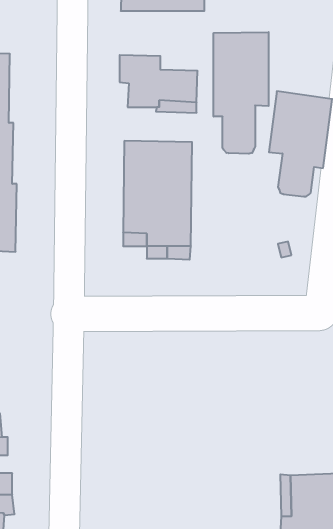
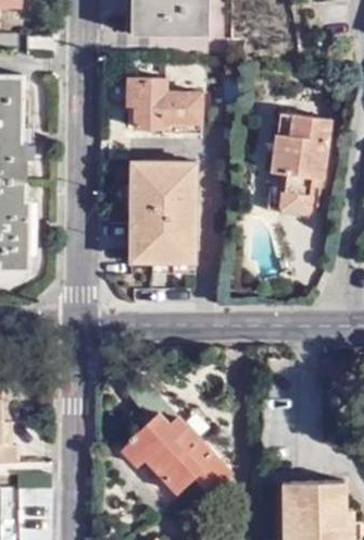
building: [214,32,269,154] -> none
building: none -> [120,375,246,506]

